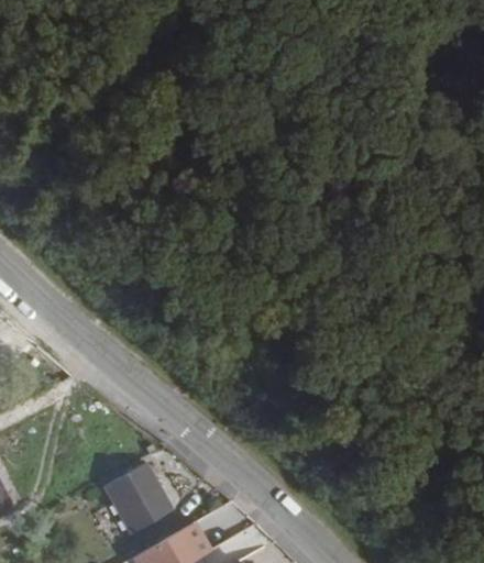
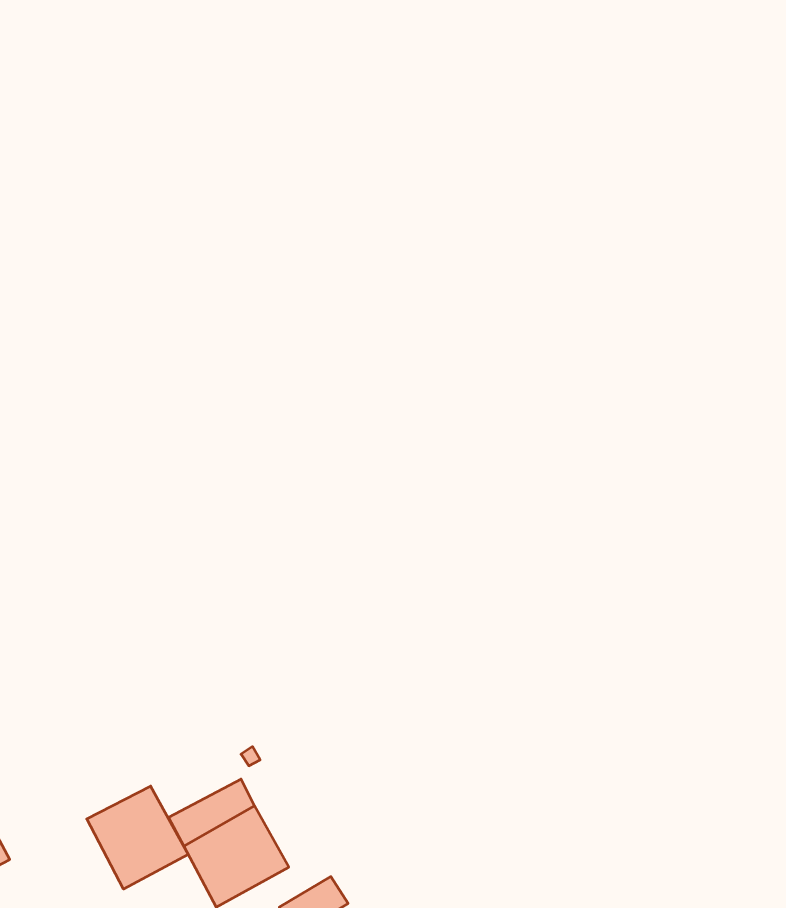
building: none -> [87,786,188,889]

